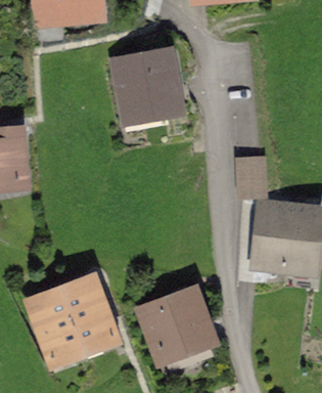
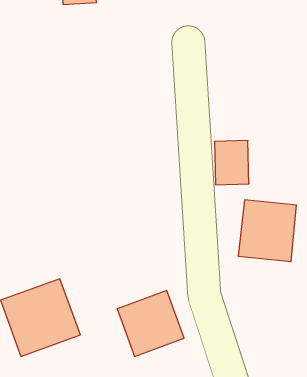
building: [113,51,172,126] -> none

